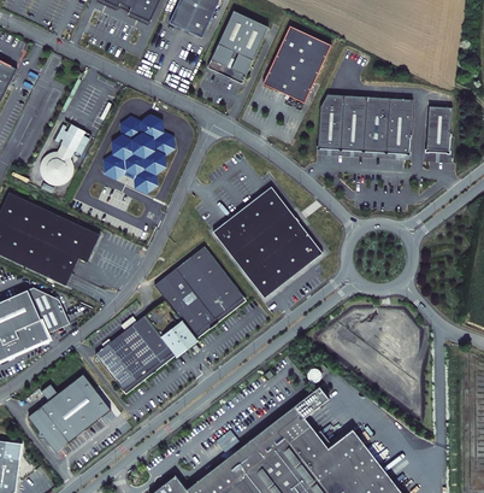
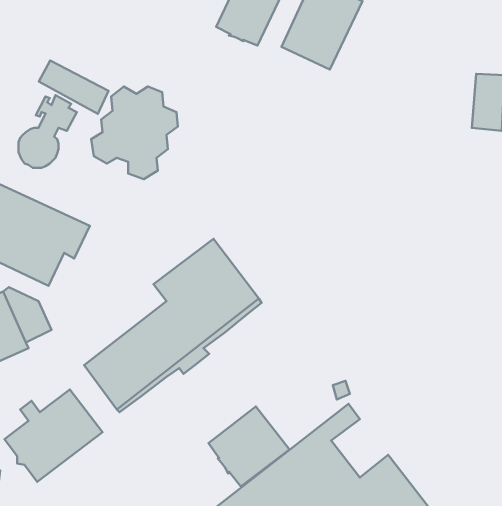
building: [318,94,415,155] -> none
building: none -> [39,61,108,114]
building: [213,187,323,298] -> none
building: none -> [208,406,290,487]

